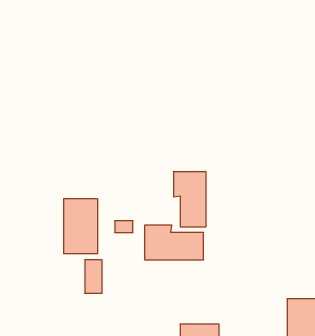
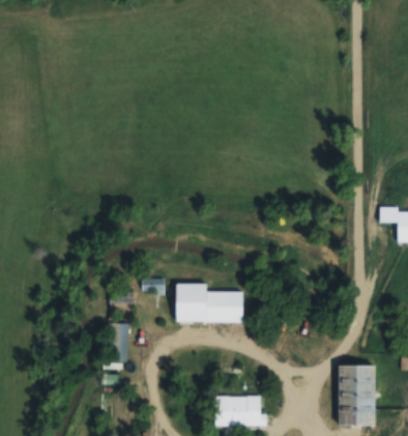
building: [174,171,206,227] -> none
building: [64,199,97,254] -> none

